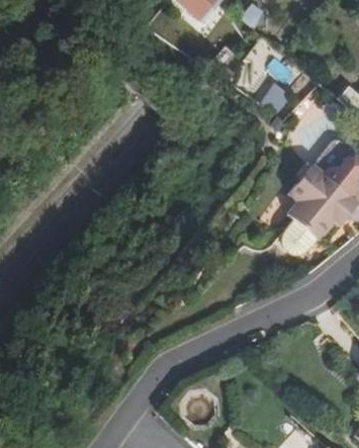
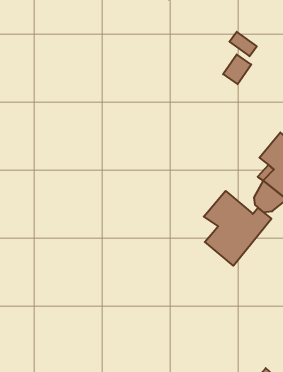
building: none -> [204,191,271,266]

